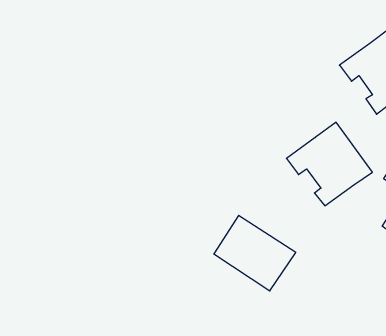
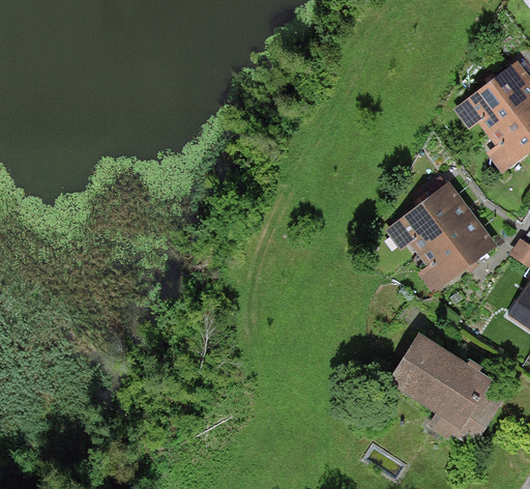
building: [214,215,296,291] -> [390,333,496,430]

